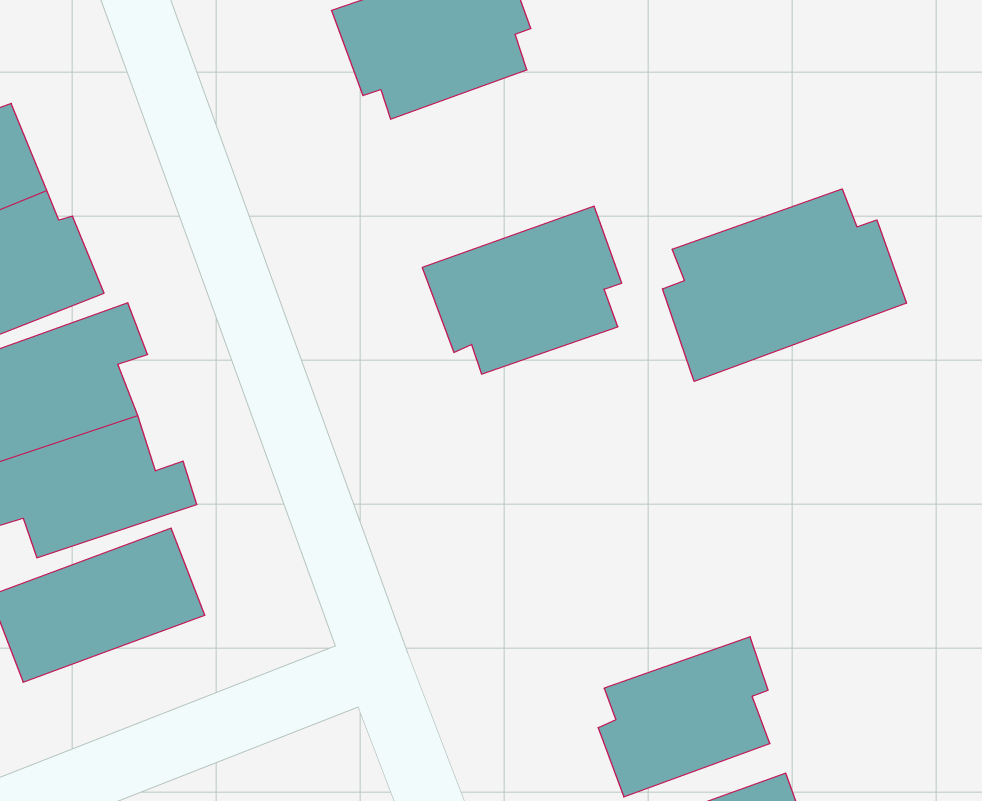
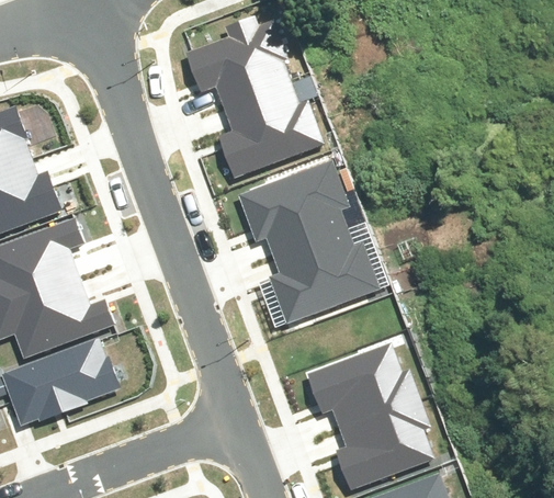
building: none -> [216,86,328,179]
building: [663,189,906,381] -> none
building: none -> [267,228,378,320]
building: none -> [308,347,420,429]

